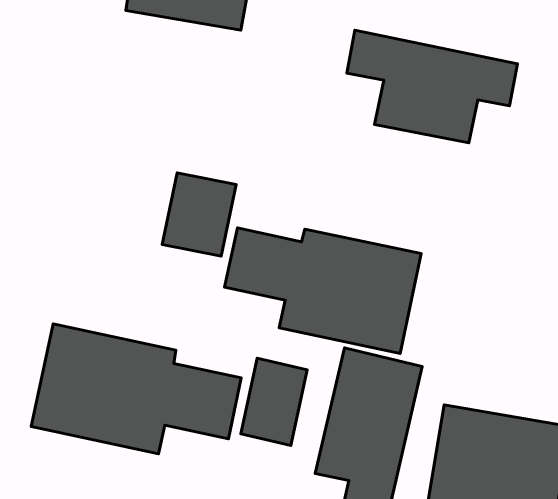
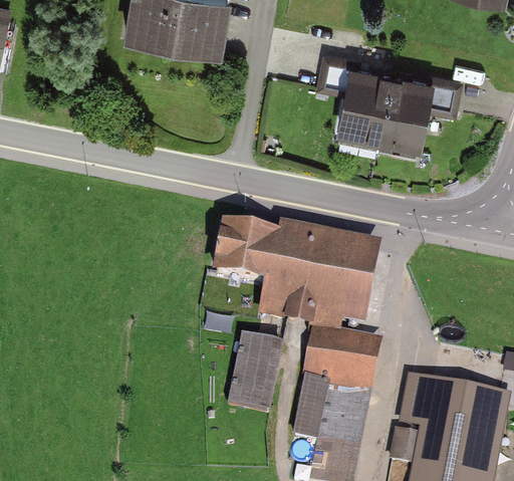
building: [162,173,236,256] -> none
building: [31,324,241,454] -> none

